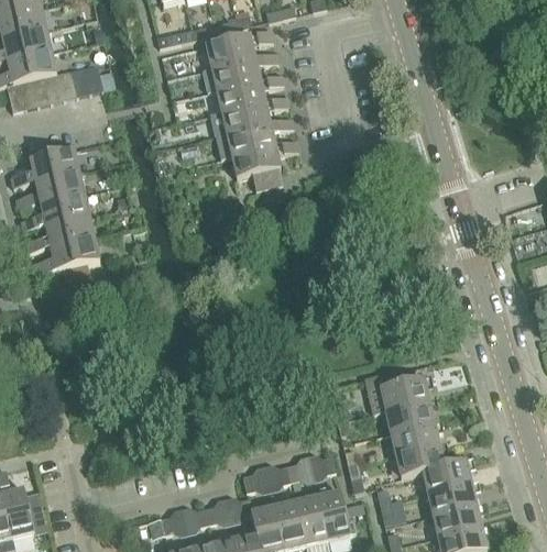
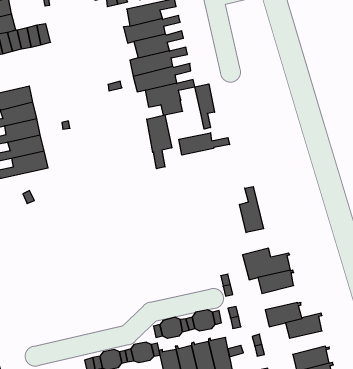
building: none -> [195,84,215,129]
building: none -> [147,115,172,169]
building: none -> [179,133,230,155]
building: none -> [239,187,264,233]
building: [391,421,439,454] -> none
building: [428,483,478,515] -> none

